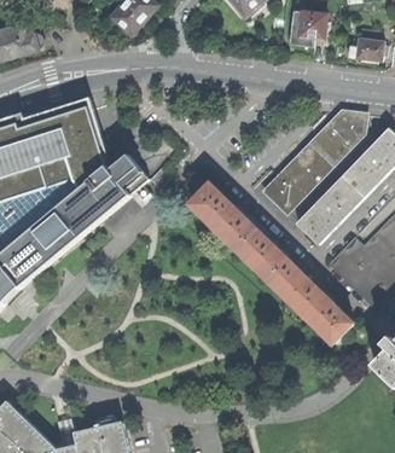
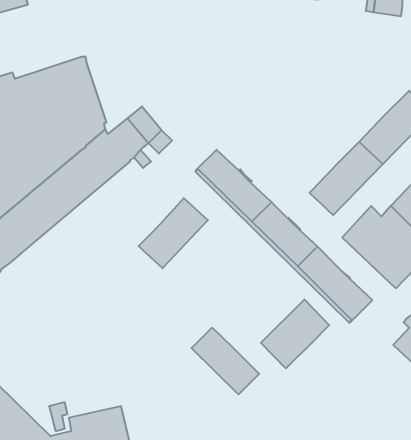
building: [263,111,361,211] -> none
building: none -> [139,198,208,268]
building: none -> [261,299,329,368]
building: none -> [191,328,259,394]

